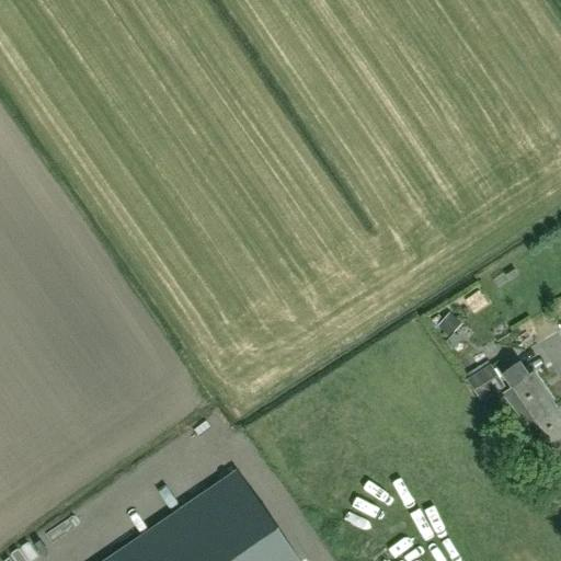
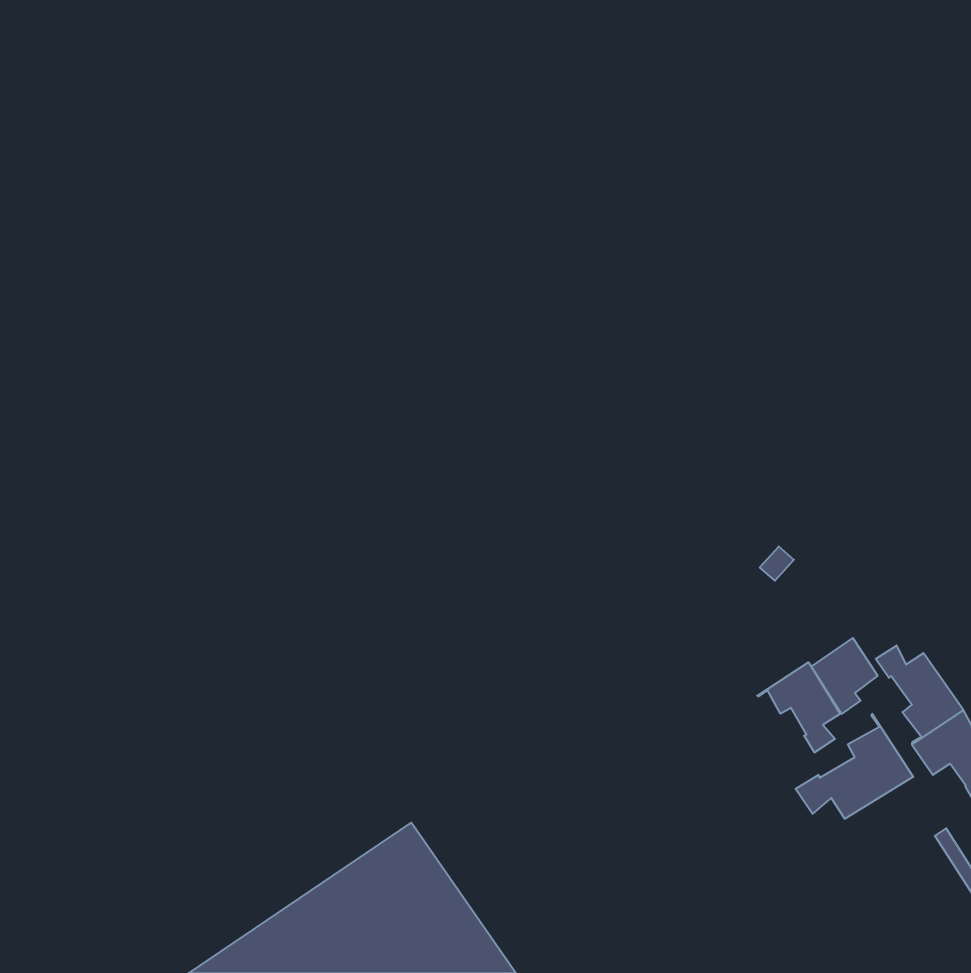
building: none -> [757,662,840,753]
building: none -> [796,714,913,819]

